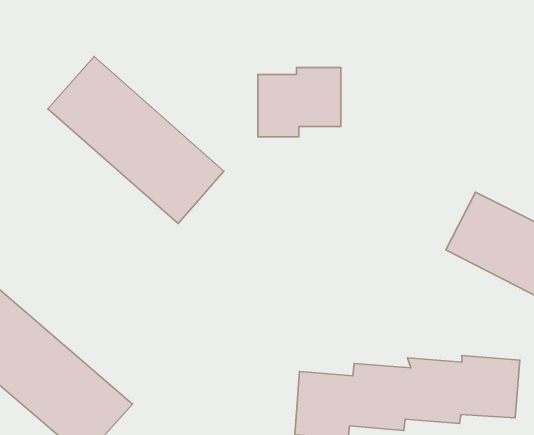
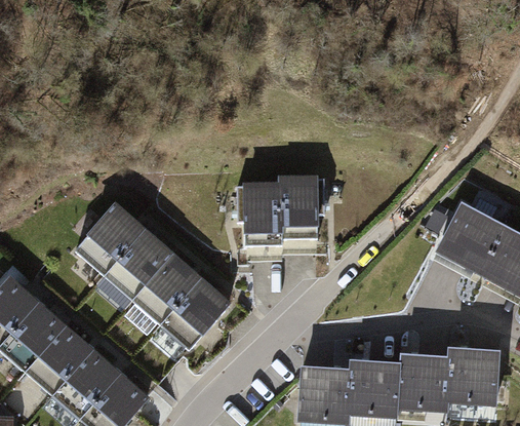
building: [48,57,224,223] -> [71,201,230,352]
building: [258,68,341,137] -> [243,177,318,239]

